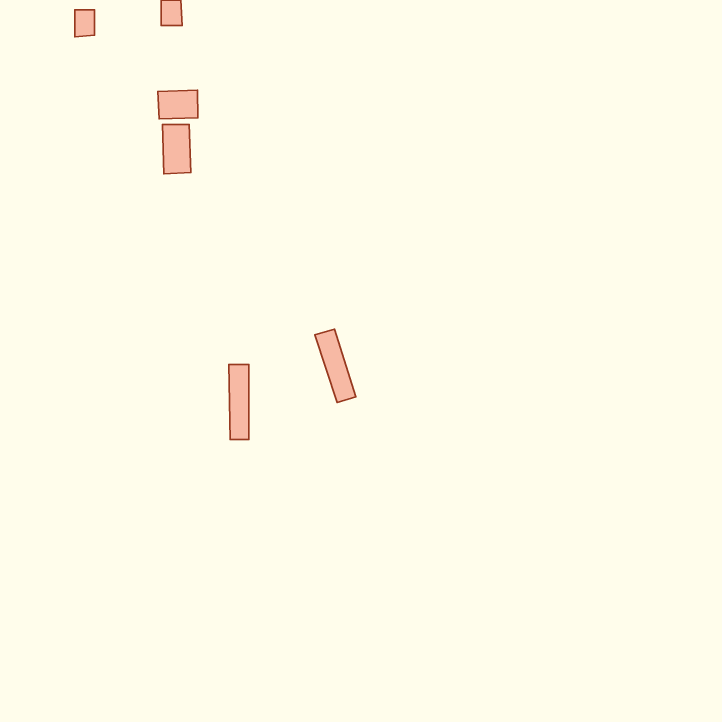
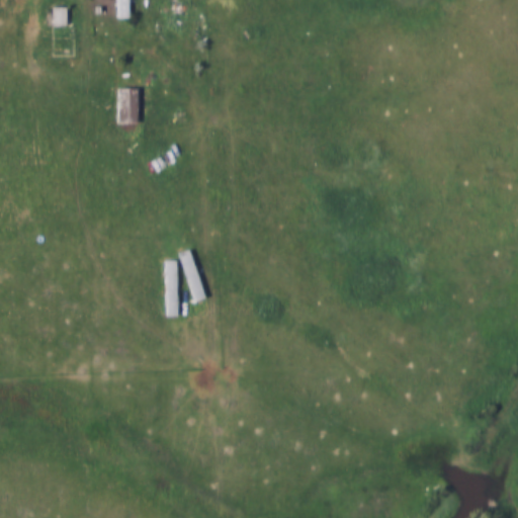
building: [158,90,198,119] -> none
building: [315,329,356,403] -> [177,249,206,301]

